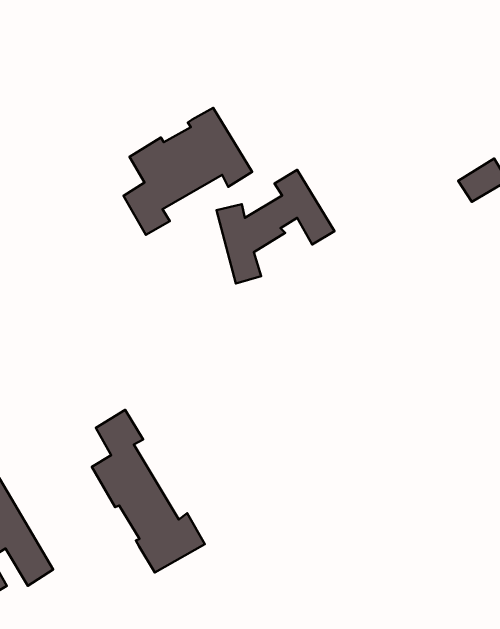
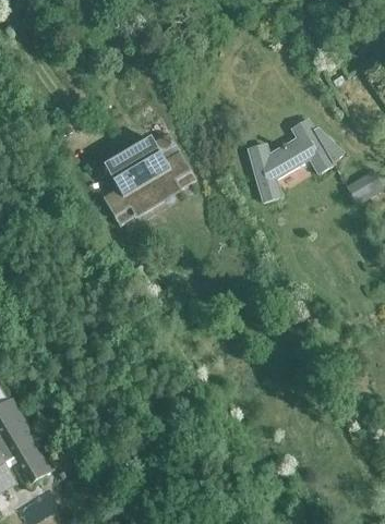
building: [216,170,334,284] -> [249,119,335,202]
building: [92,410,205,573] -> none

